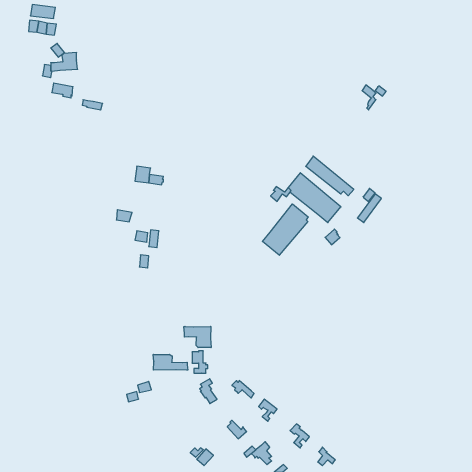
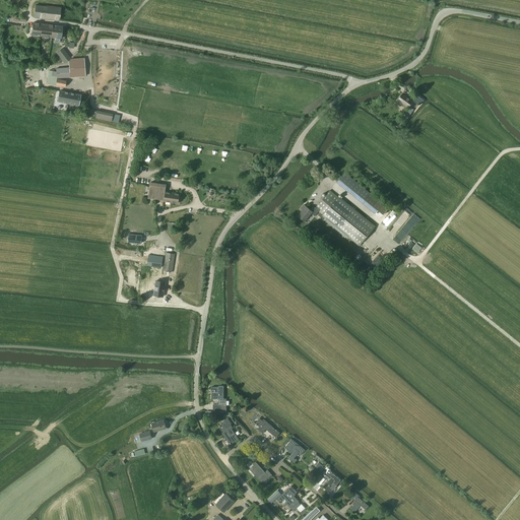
building: [262,204,308,255] -> none
building: [184,326,211,348] -> none
building: [153,354,188,370] -> none

